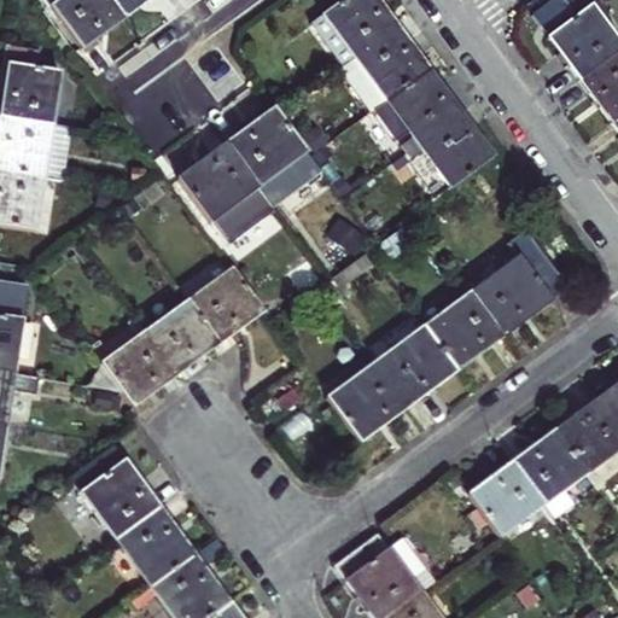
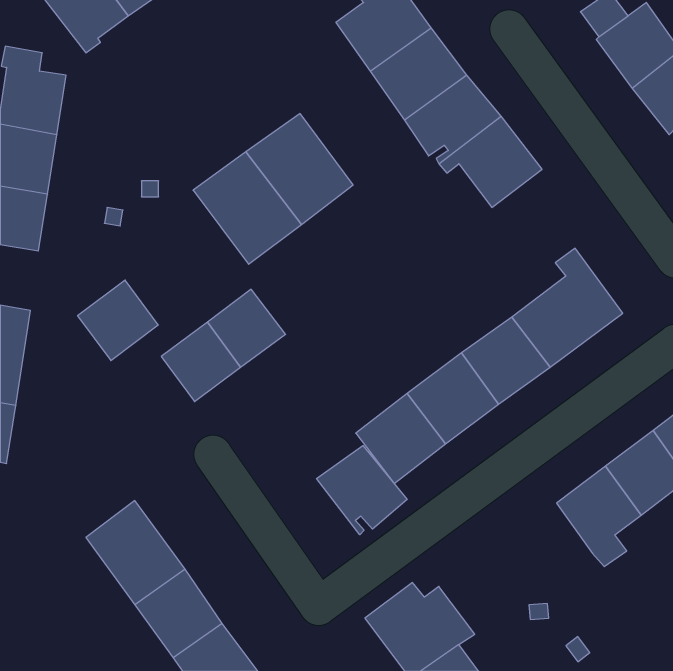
building: [106,326,180,400] -> [78,280,158,361]
building: none -> [317,446,407,535]
building: [467,460,543,536] -> none

